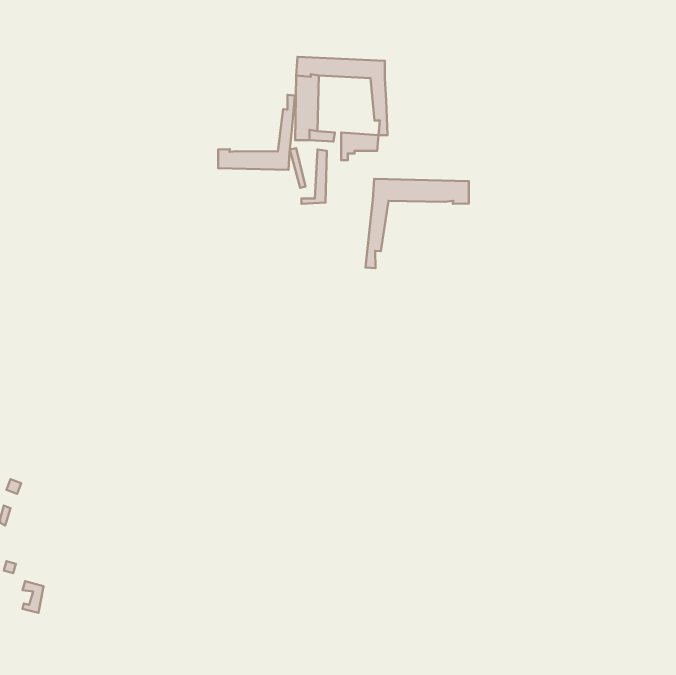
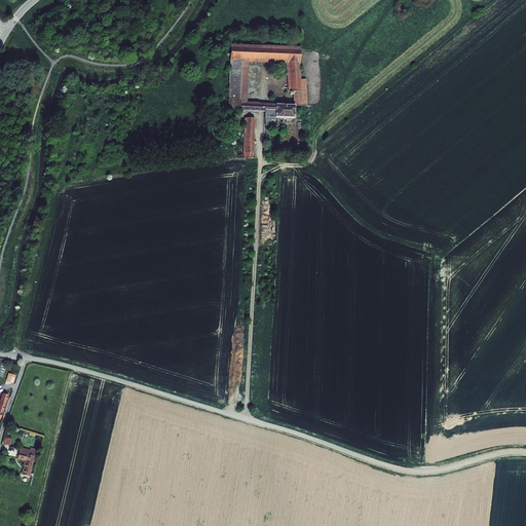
building: [218,95,295,170] -> none
building: [366,179,469,268] -> none

